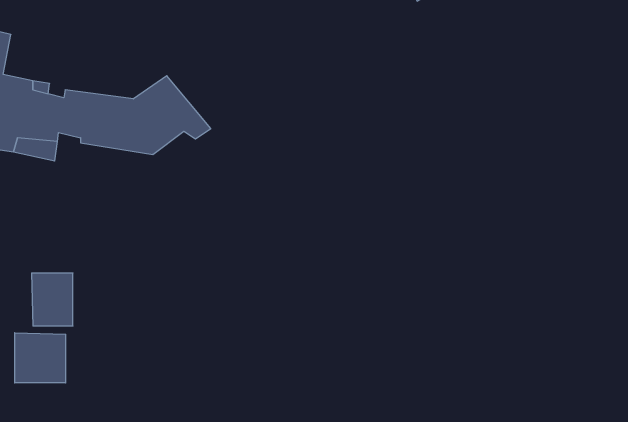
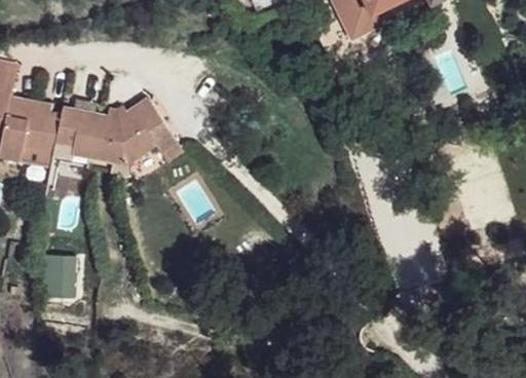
building: [15,333,66,383] -> none

